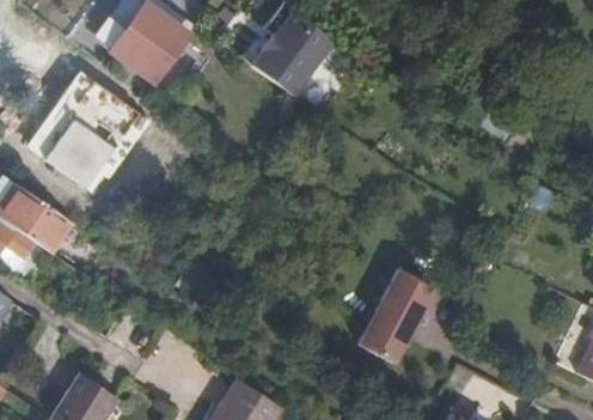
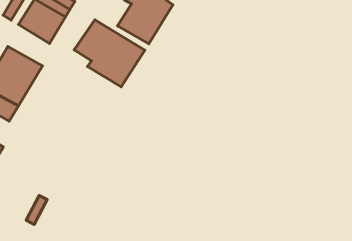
building: none -> [74,20,145,87]
building: [359,270,435,366] -> none

